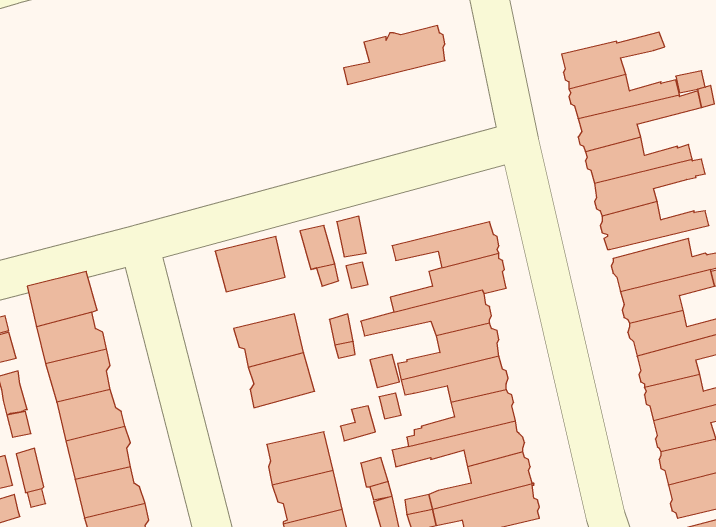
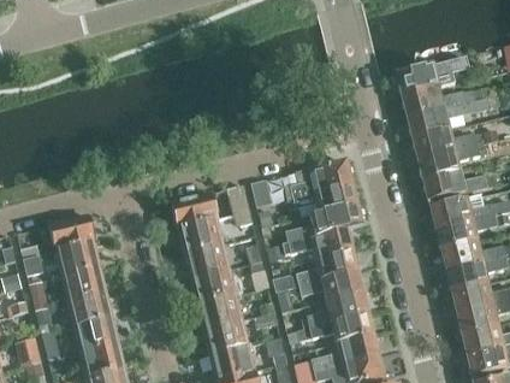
building: [344,26,445,84] -> [284,159,350,198]
building: none -> [178,218,223,252]
building: none -> [196,293,242,328]

